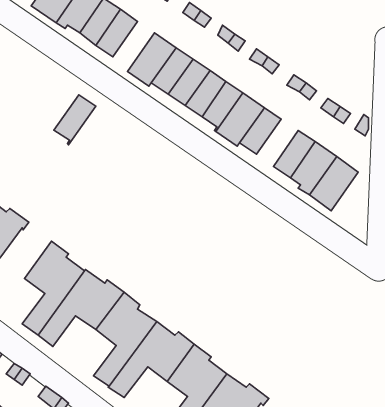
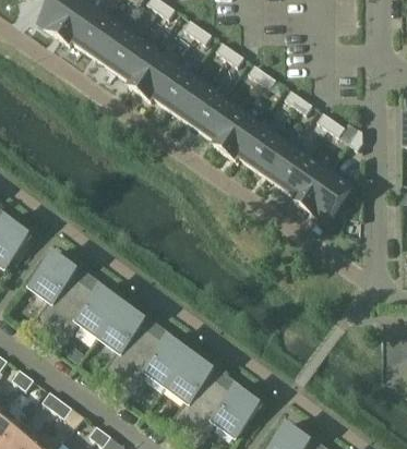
building: [54,95,96,145] -> [115,39,155,87]
building: none -> [253,133,294,179]

